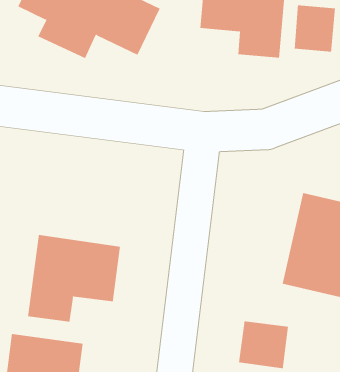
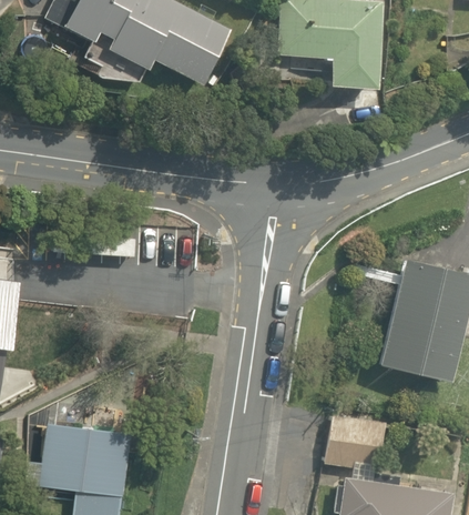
building: [294,4,336,52] -> none
building: [28,234,120,323] -> none

